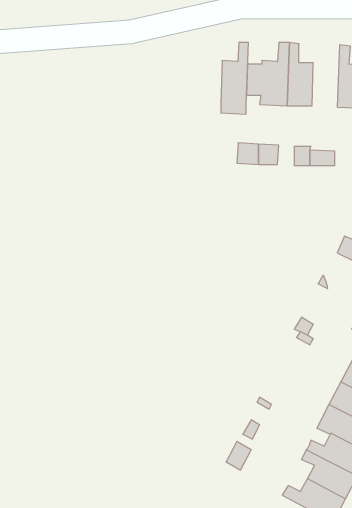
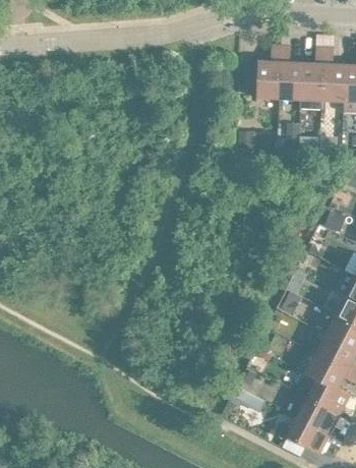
building: [221,42,248,114] -> [301,47,324,108]

